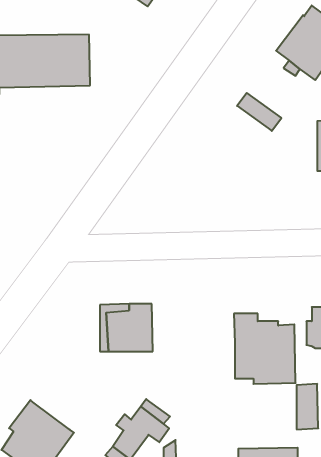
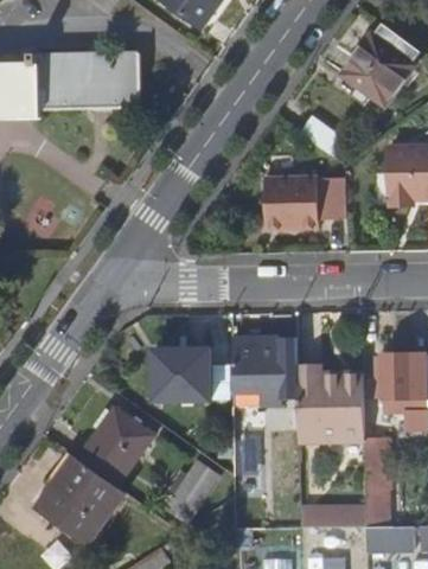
building: none -> [266,177,347,229]
building: none -> [229,335,298,394]
building: none -> [76,405,155,487]

